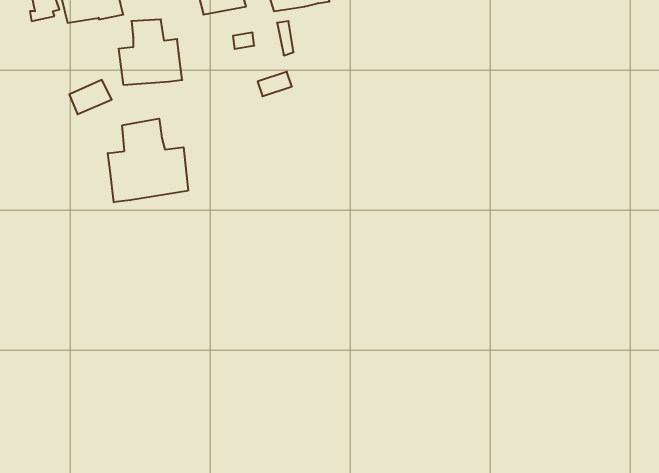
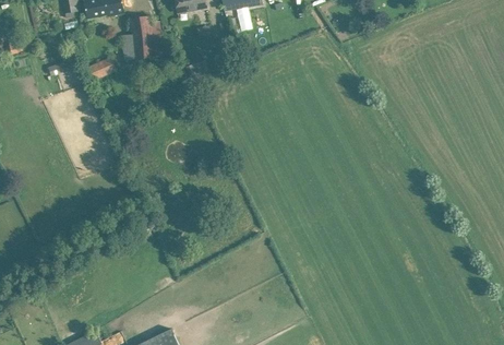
building: [108,119,188,202] -> none

